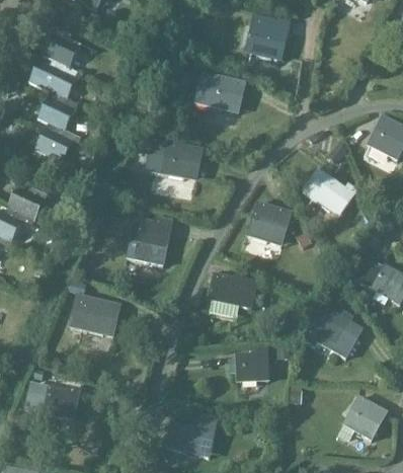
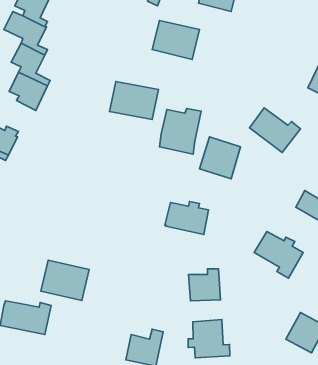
building: [126,216,172,266] -> [159,109,201,154]
building: [68,294,122,338] -> [41,260,89,300]
building: none -> [188,320,230,358]

